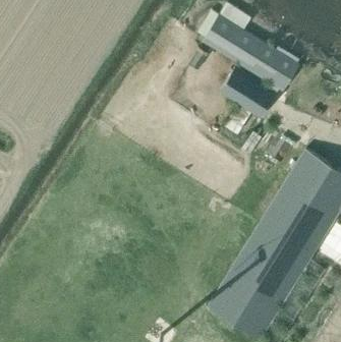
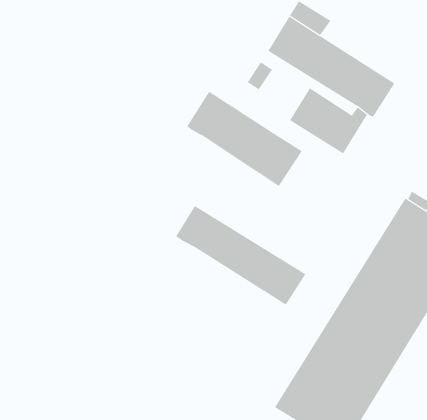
building: none -> [186,91,302,187]
building: none -> [176,205,306,306]

